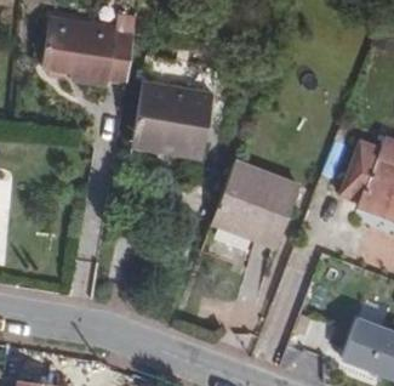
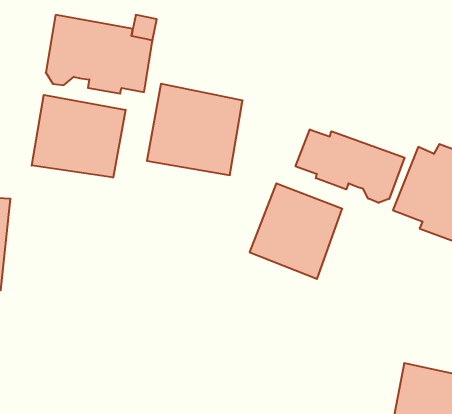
building: none -> [32,95,126,178]
building: none -> [296,129,405,203]

